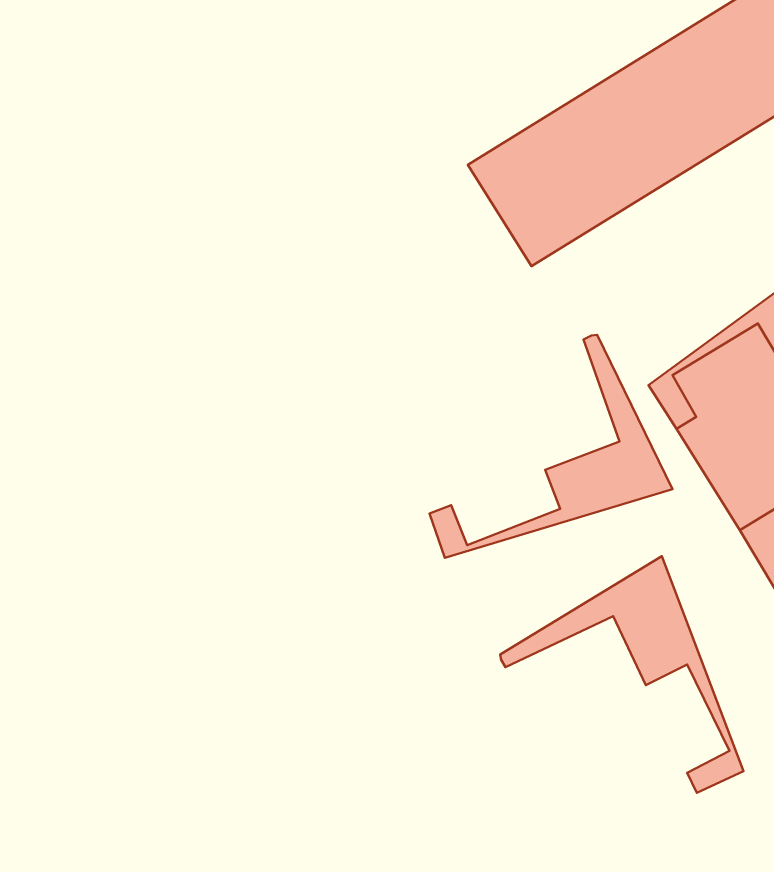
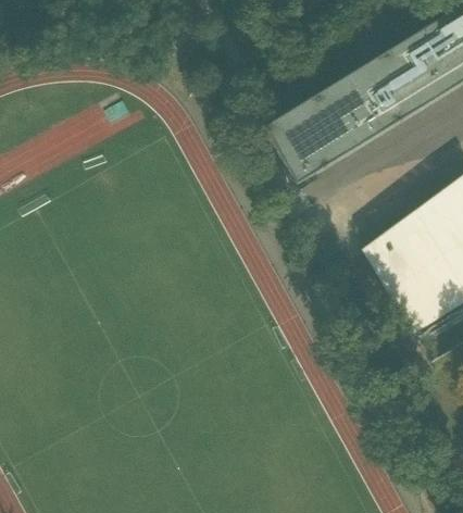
building: [429,335,672,558] -> none
building: [500,556,744,793] -> none

